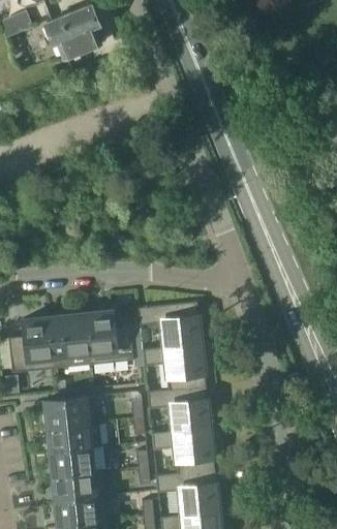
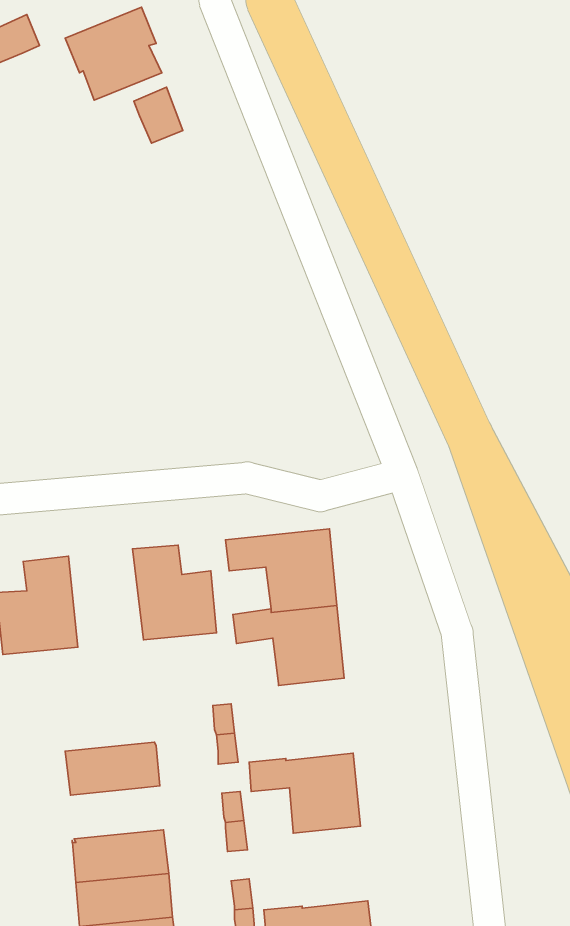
building: none -> [134,87,183,143]
building: [50,313,92,369] -> none
building: [147,386,211,433] -> none
building: [45,397,98,428] -> none
building: [51,448,103,477] -> none
building: [156,470,219,517] -> none

